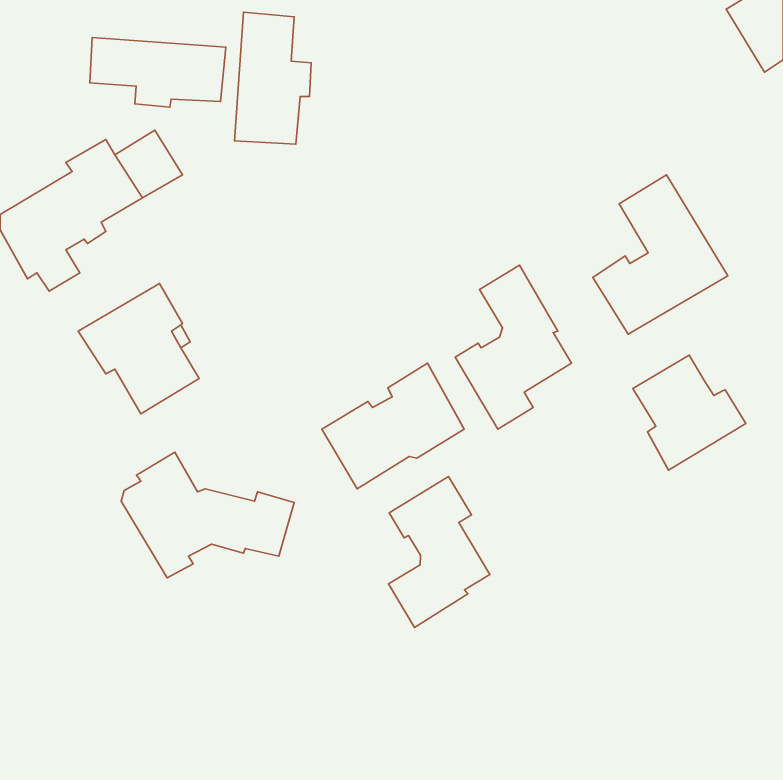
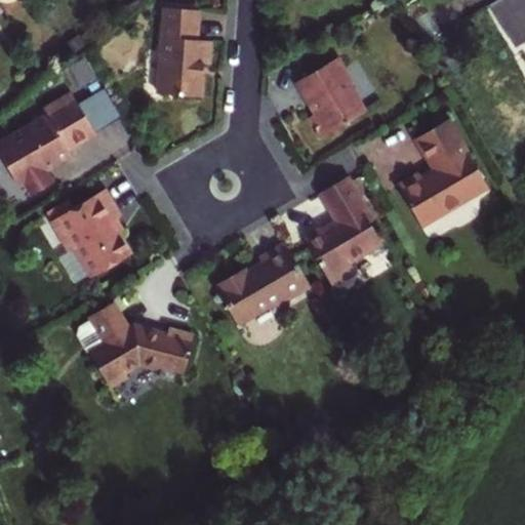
building: [90,38,226,107] -> none
building: none -> [296,56,366,136]
building: [633,355,746,470] -> none
building: [389,477,490,627] -> none

